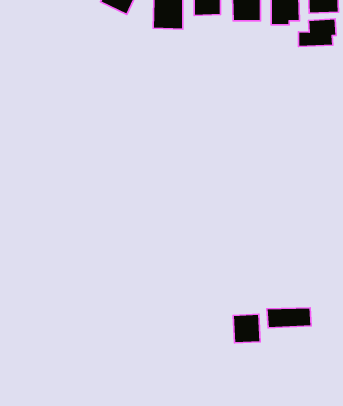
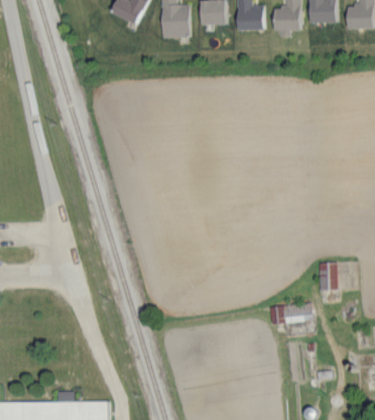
building: [298,19,336,47] -> none
building: none -> [318,262,337,290]
building: [233,314,260,343] -> none

